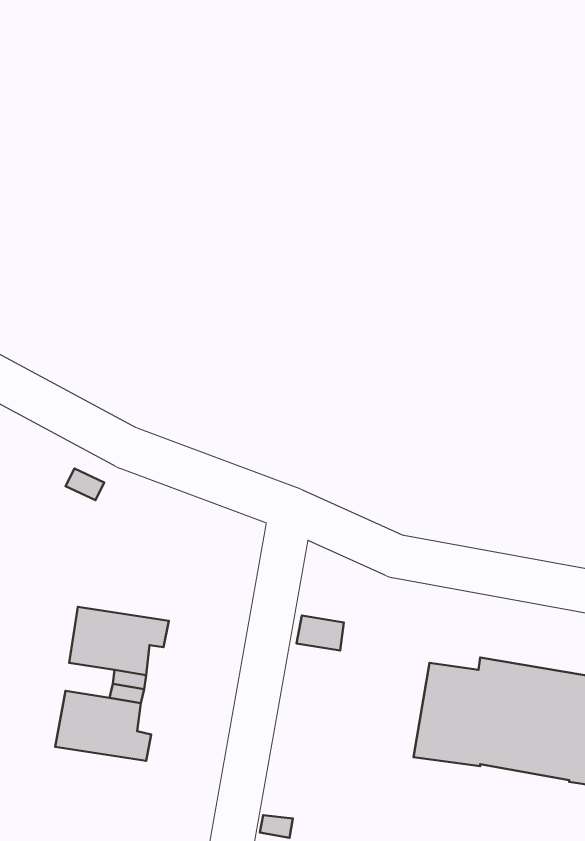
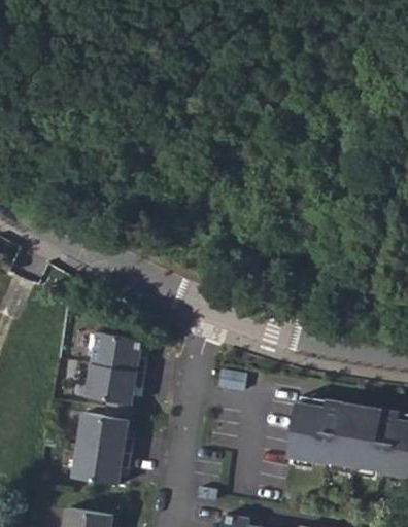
building: none -> [88,336,143,376]
building: none -> [69,450,128,489]

